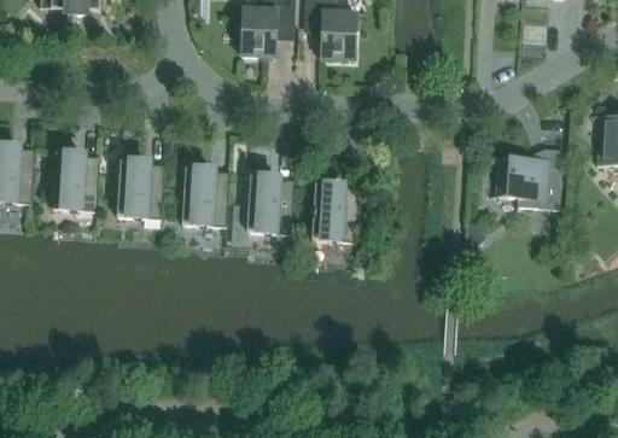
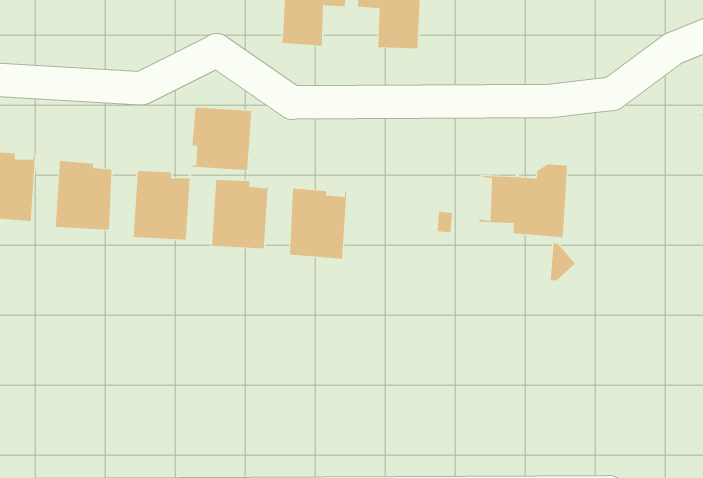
building: none -> [191,107,252,171]
building: [489,146,564,208] -> [478,164,568,238]
building: [311,182,361,240] -> none

